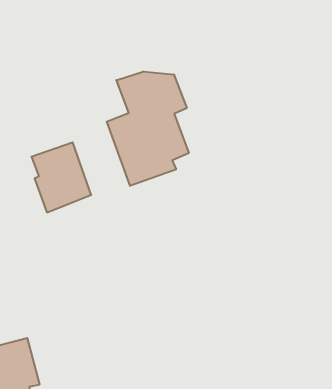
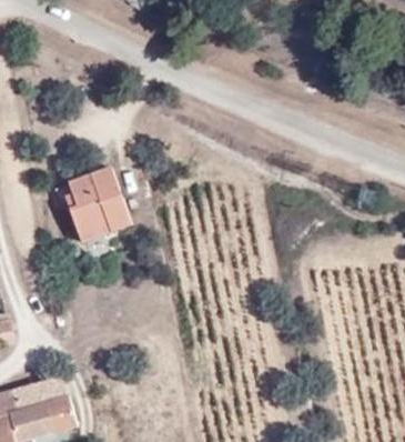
building: [107,71,189,186] -> none

